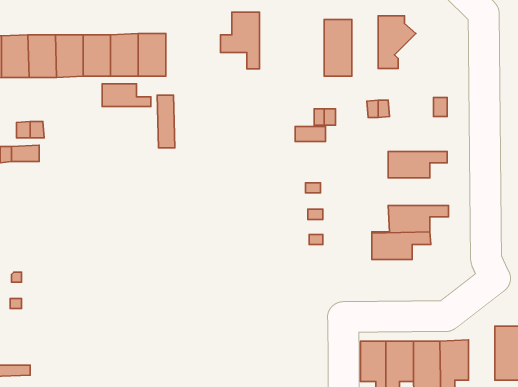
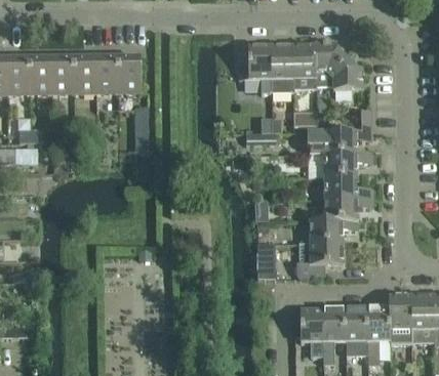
building: [220,12,259,69] -> [239,45,271,91]
building: none -> [293,44,315,88]
building: none -> [328,56,362,89]
building: [102,84,151,106] -> none
building: none -> [308,129,371,153]
building: none -> [323,174,372,197]
building: none -> [296,241,343,274]
building: none -> [257,243,275,277]
building: none -> [389,295,410,339]

